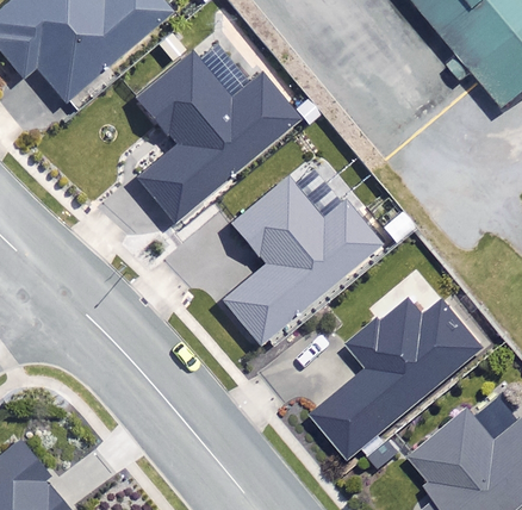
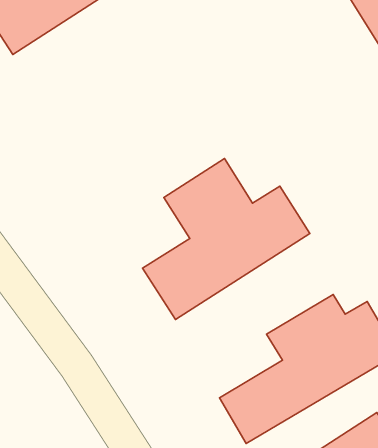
building: [136,54,296,222] -> none

